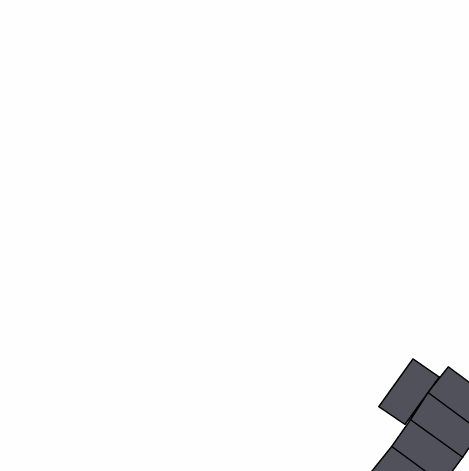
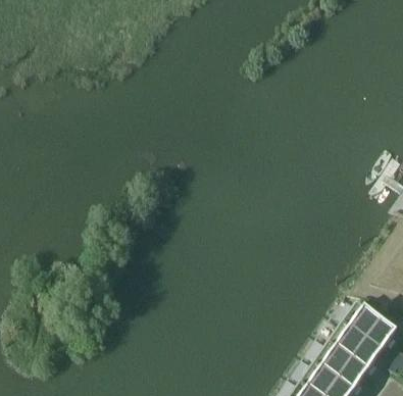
building: [379,359,439,424] -> none

